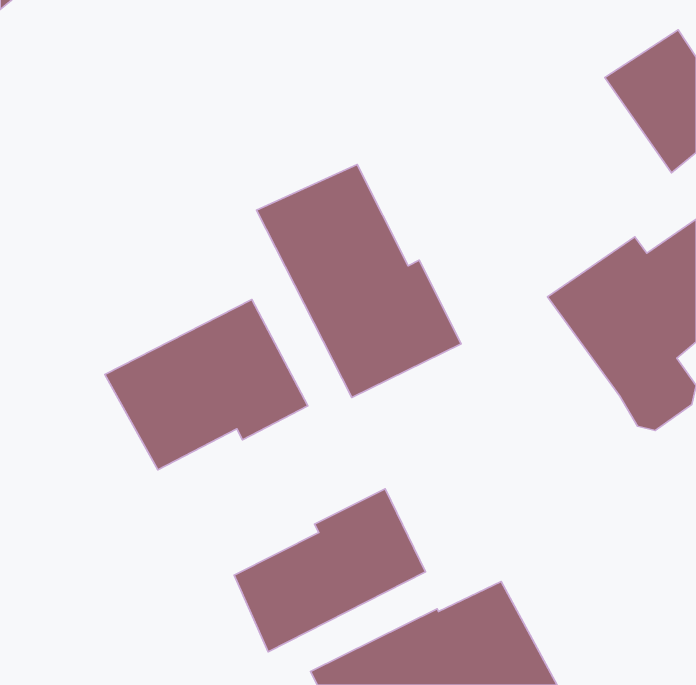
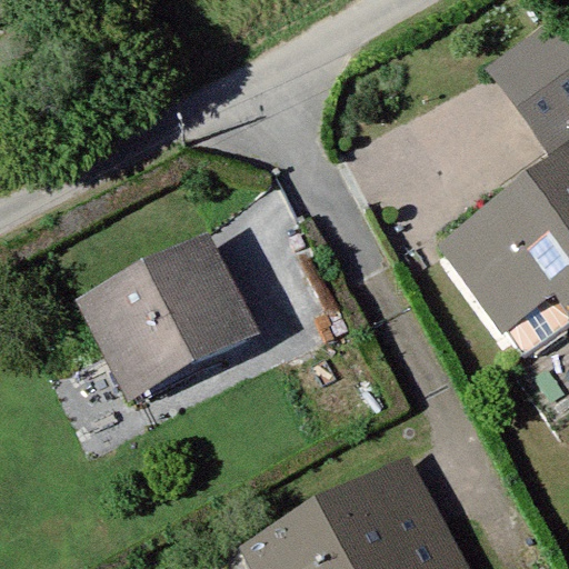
building: [256,165,461,397] -> none
building: [234,489,425,652] -> none

